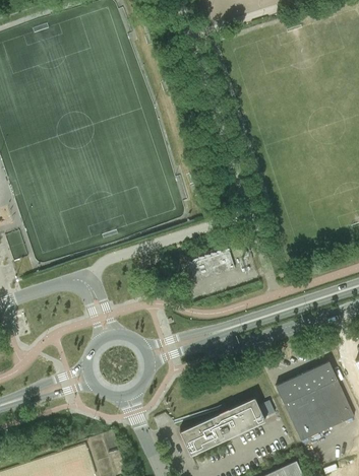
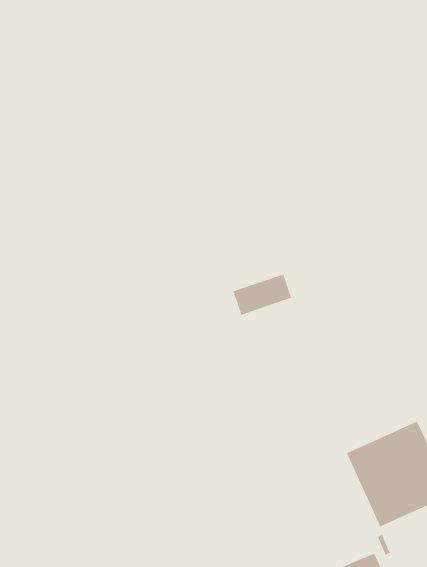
building: [179,397,264,455] -> none

